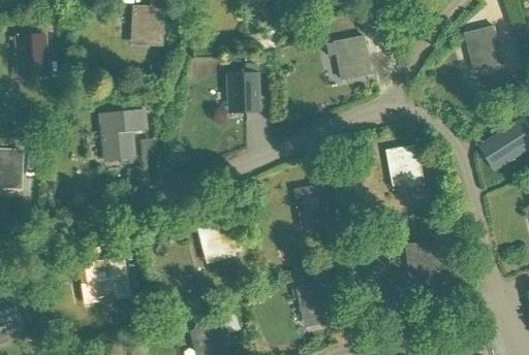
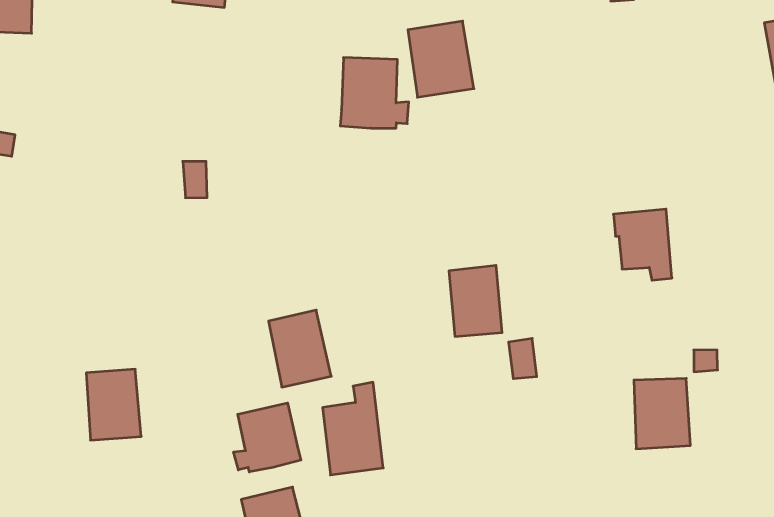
building: [335,34,375,79] -> [408,21,474,97]
building: [100,107,146,163] -> none
building: [298,271,335,326] -> [323,382,383,475]
building: none -> [234,403,301,472]

